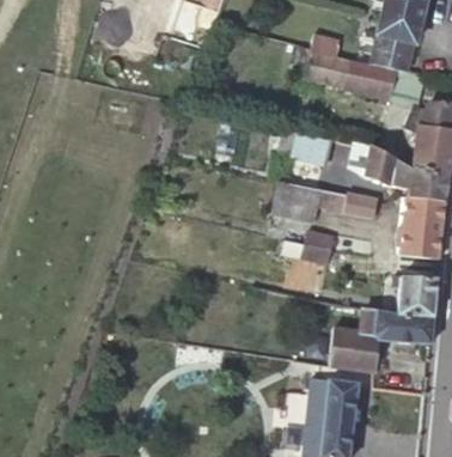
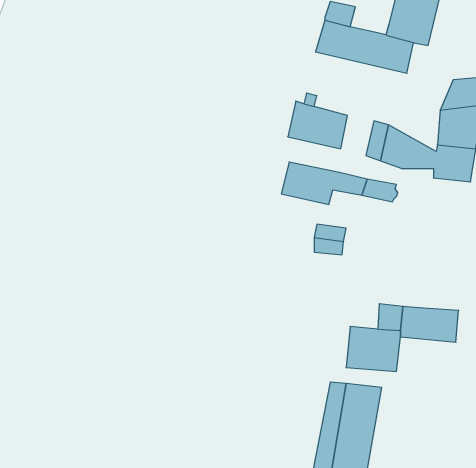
building: [404,194,445,252] -> none
building: [398,272,438,313] -> none

